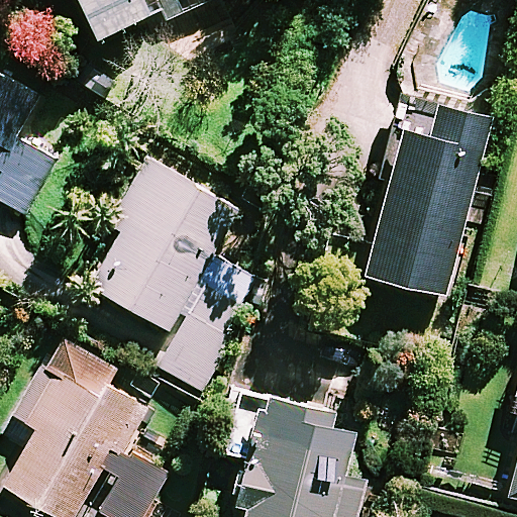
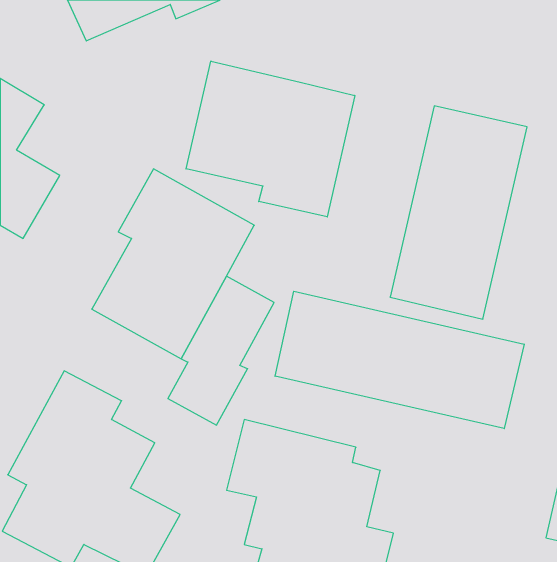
building: none -> [186,61,355,217]
building: none -> [275,291,524,429]

